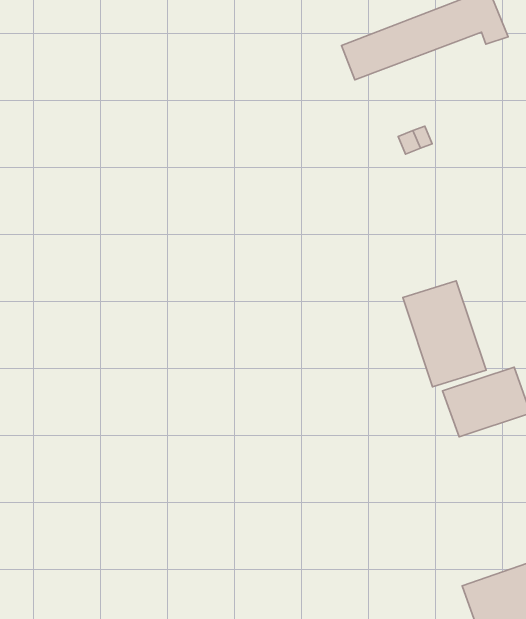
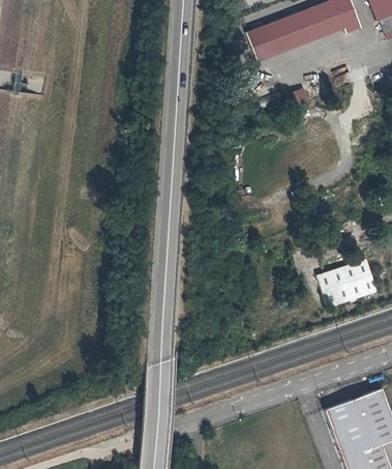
building: [403,281,486,387] -> none

